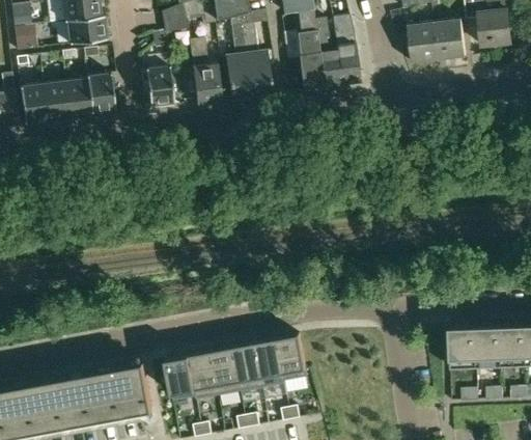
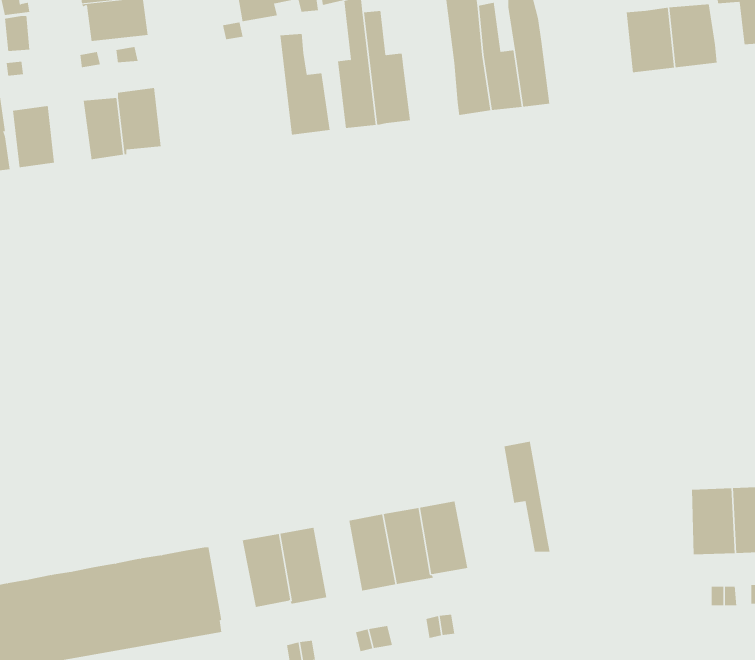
building: [145,65,173,106] -> none
building: [43,81,69,120] -> none
building: none -> [504,441,550,552]
building: [211,347,241,395] -> none

